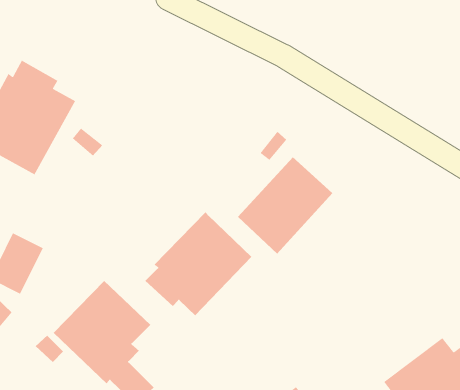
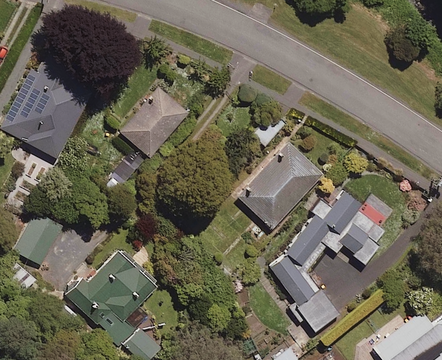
building: none -> [120,88,188,157]
building: none -> [270,191,385,335]
building: [145,211,252,316] -> none

